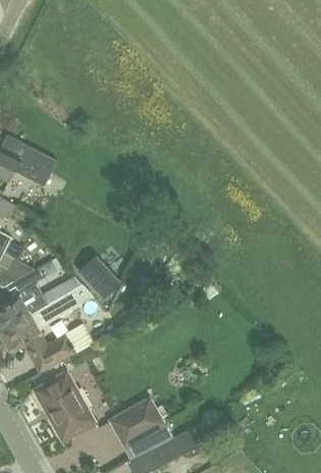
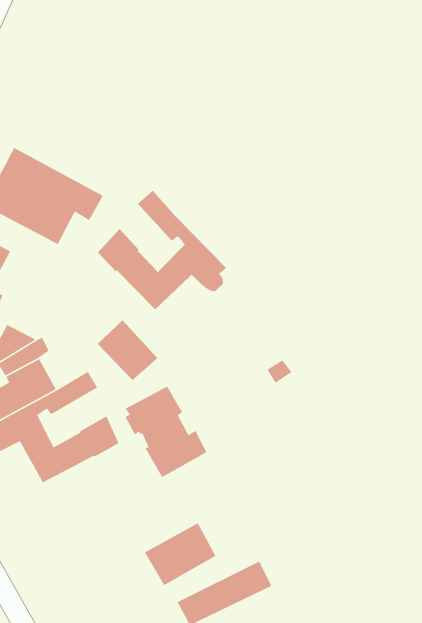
building: none -> [97,190,227,310]
building: [34,373,93,439] -> [125,386,207,478]

